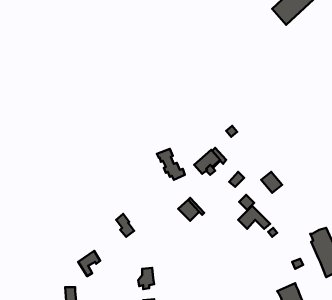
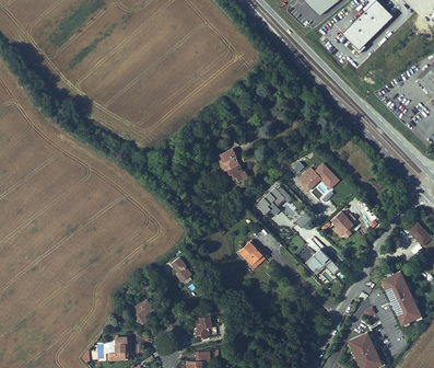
building: none -> [297,163,338,189]
building: [157,149,185,180] -> [219,148,249,182]

